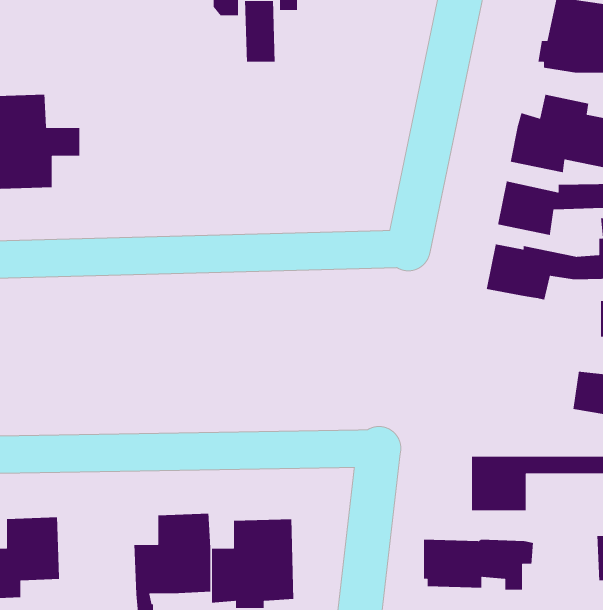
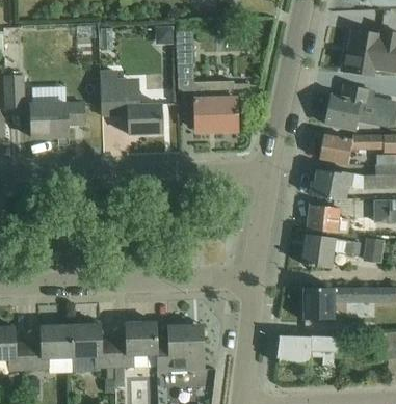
building: none -> [99,73,162,135]
building: none -> [193,81,261,131]
building: none -> [308,205,349,234]
building: none -> [302,235,360,268]
building: none -> [71,322,114,371]

